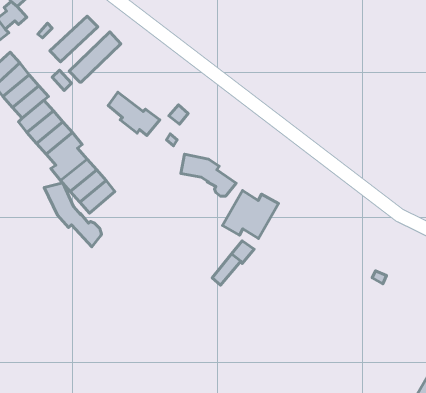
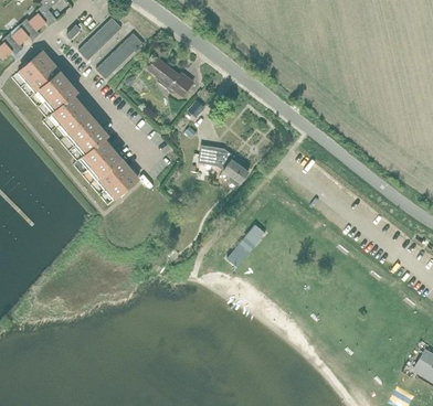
building: [108,92,160,136] -> [147,56,194,96]
building: [44,183,102,247] -> none
building: [223,191,279,239] -> none

